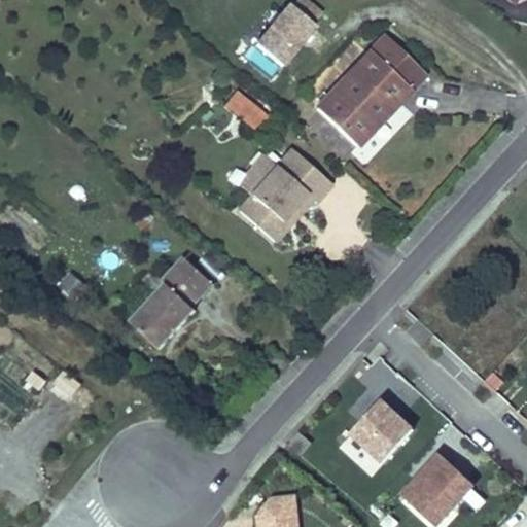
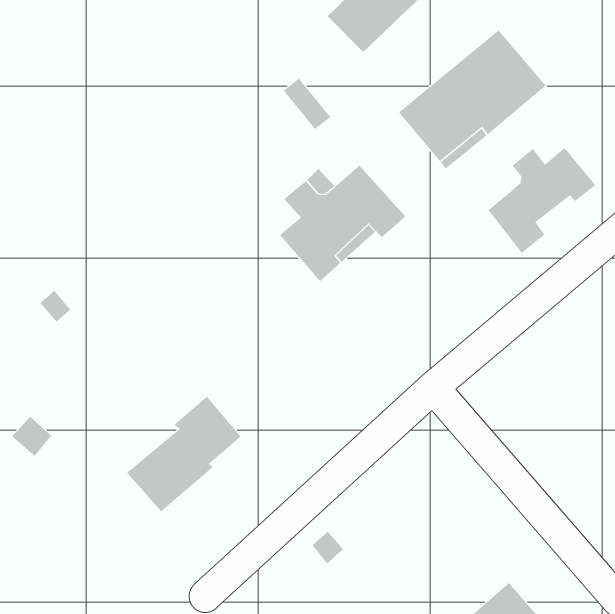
building: none -> [487,147,596,254]
building: [130,255,214,348] -> [126,396,242,512]
building: [351,401,416,466] -> none

